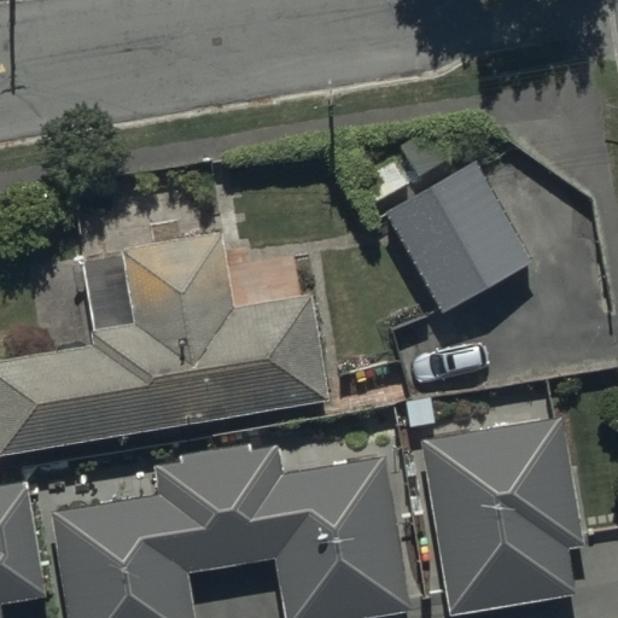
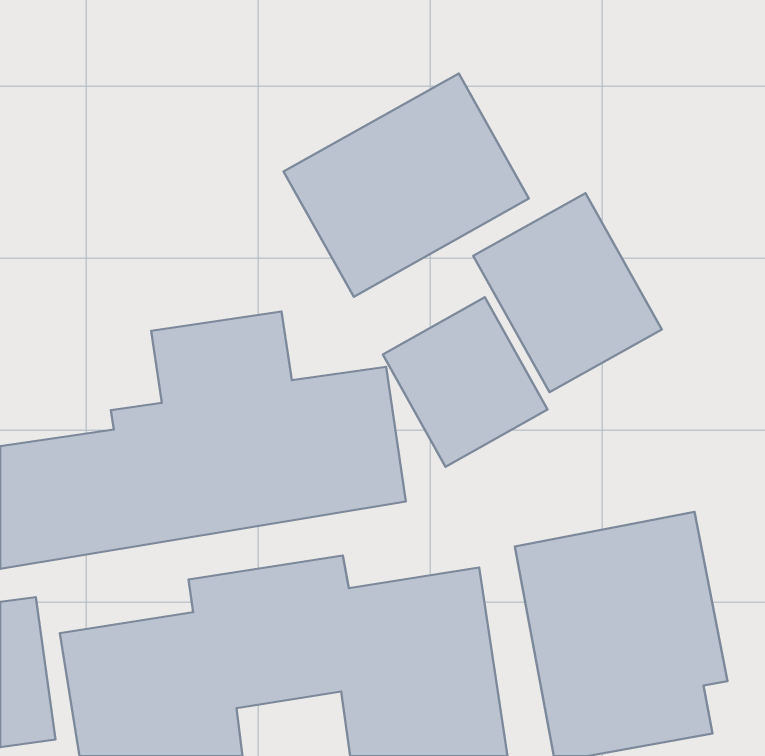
building: none -> [284,73,529,297]
building: none -> [383,297,548,467]

